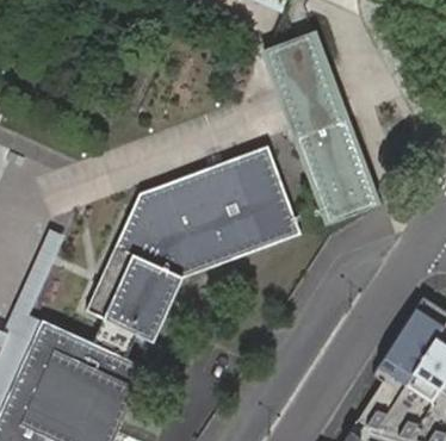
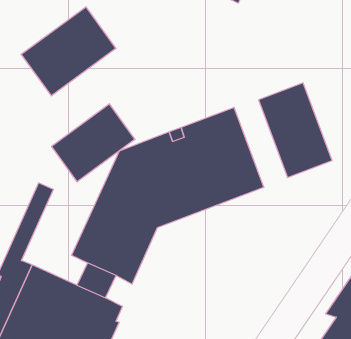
building: [265,31,346,136] -> none
building: none -> [21,7,116,96]
building: none -> [52,104,135,182]

